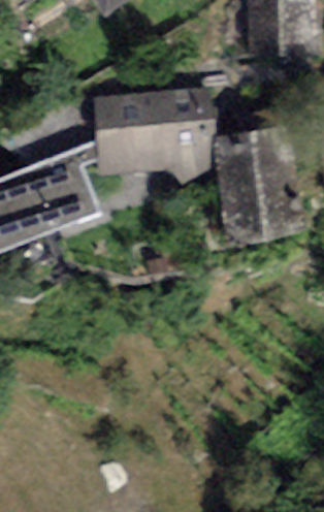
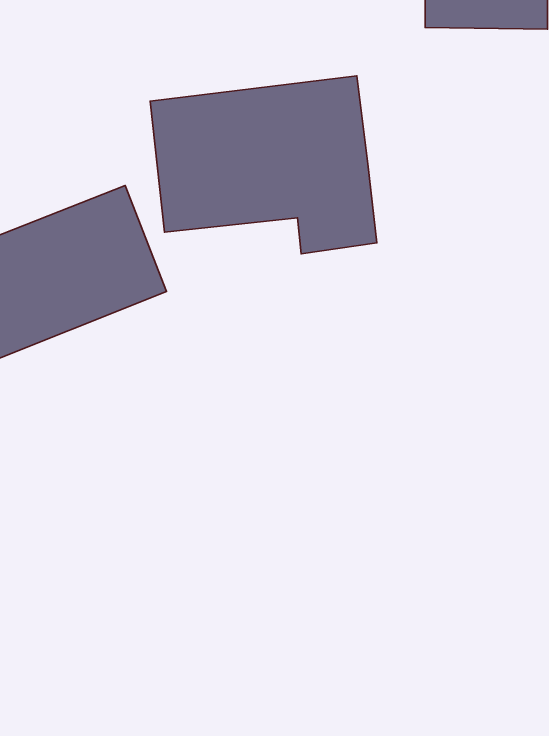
building: [215,128,299,236] -> none

